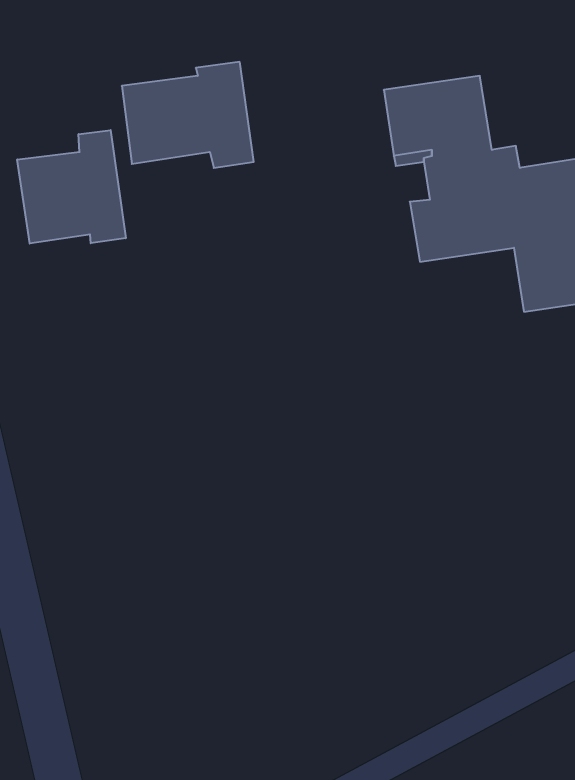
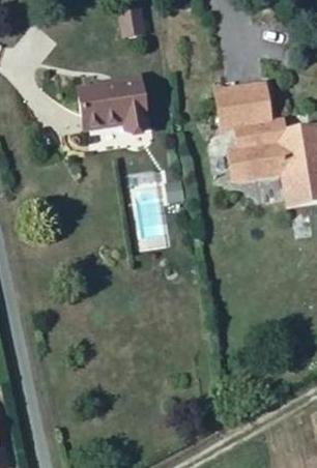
building: [17,130,126,244] -> none

